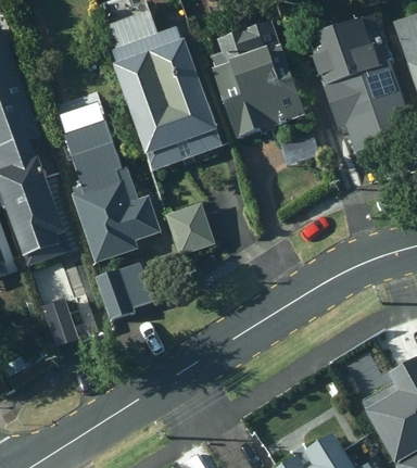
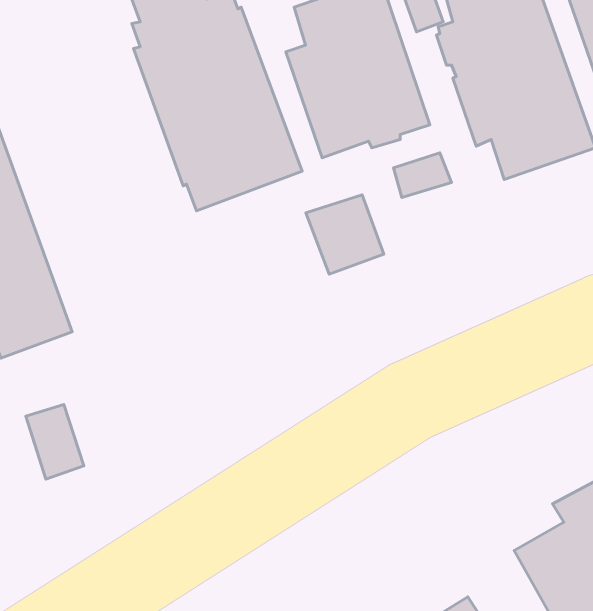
building: [65,127,162,262] -> none
building: [166,202,217,254] -> [306,195,384,274]
building: [96,261,155,319] -> none

